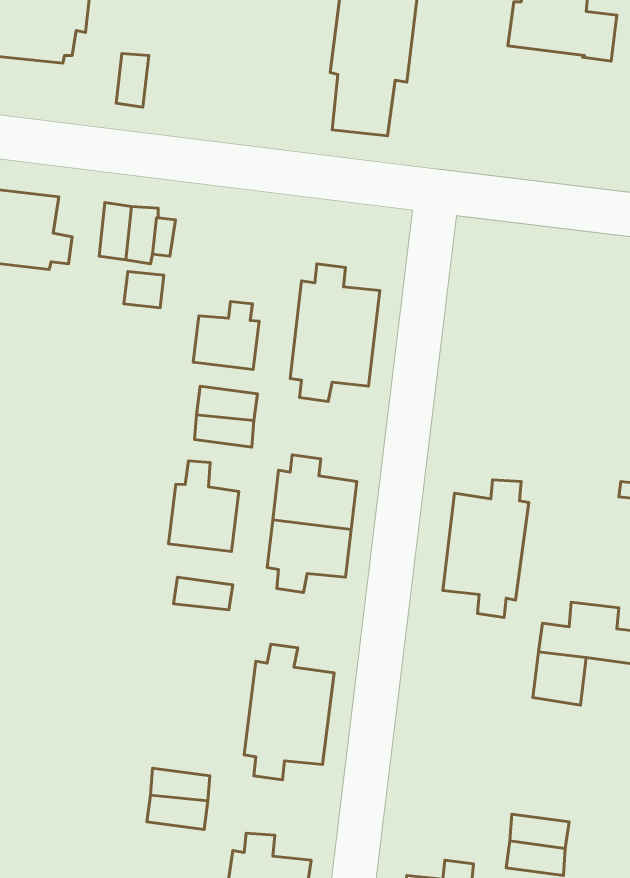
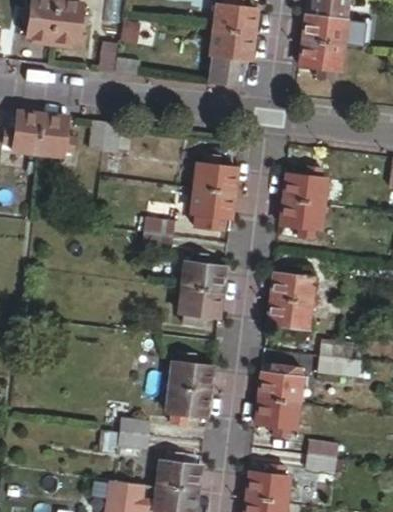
building: none -> [301,39,344,79]
building: none -> [282,168,327,238]
building: [193,301,259,370] -> none
building: [169,461,239,551] -> none
building: none -> [257,367,303,437]

